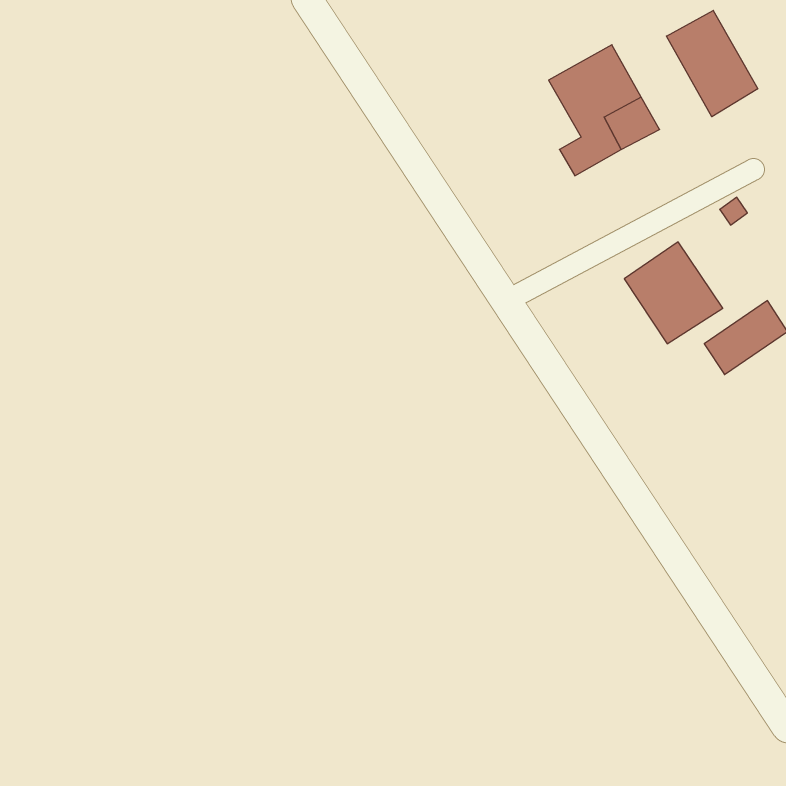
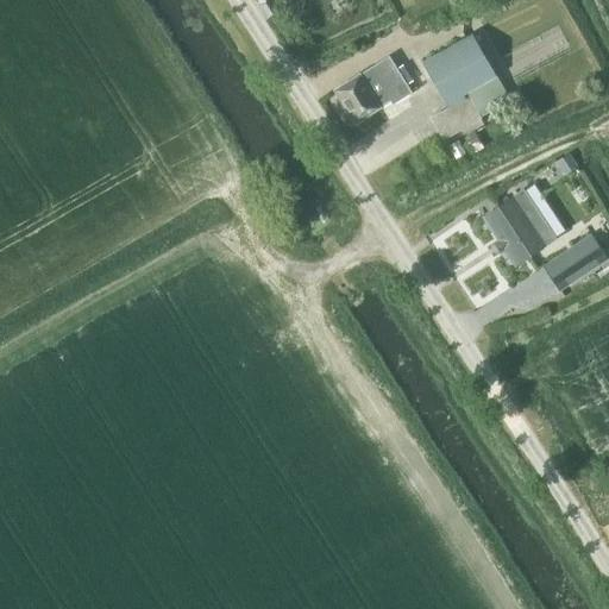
building: [666,10,758,117] -> none
building: none -> [337,55,412,119]

